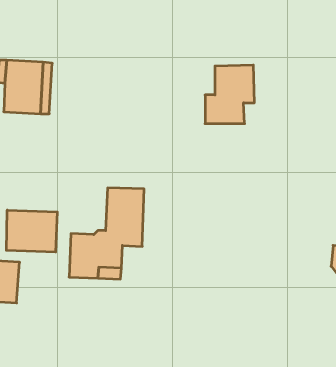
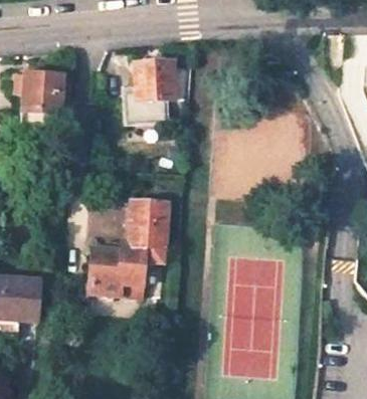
building: [205,65,254,124] -> [126,59,176,119]
building: [6,210,57,252] -> none

